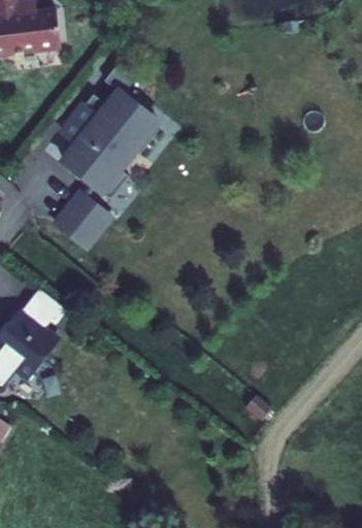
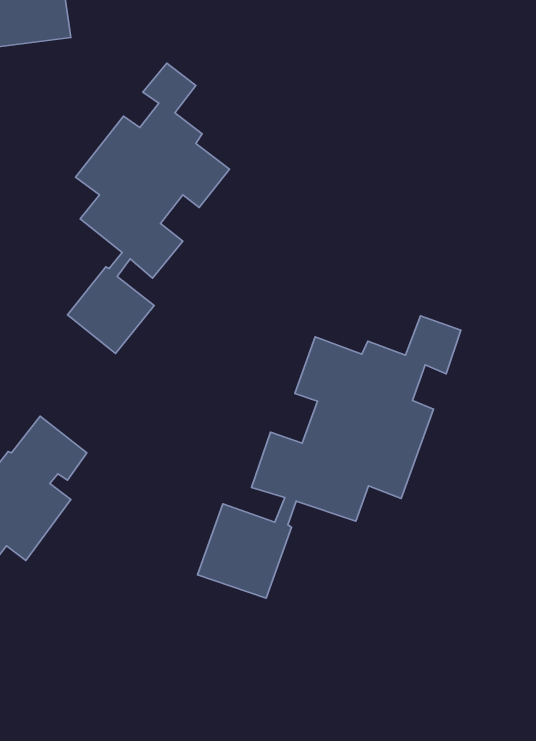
building: none -> [198,316,461,598]

